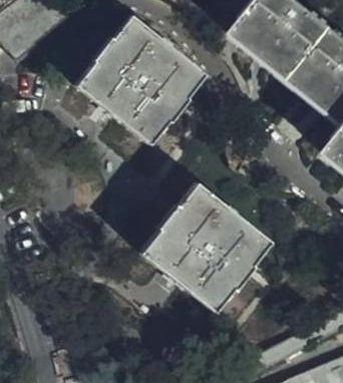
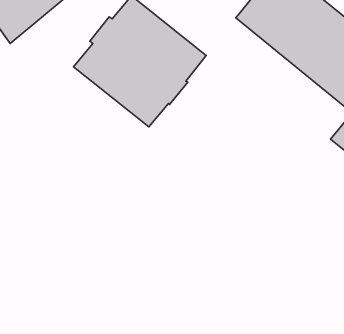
building: [140,181,269,311] -> none

